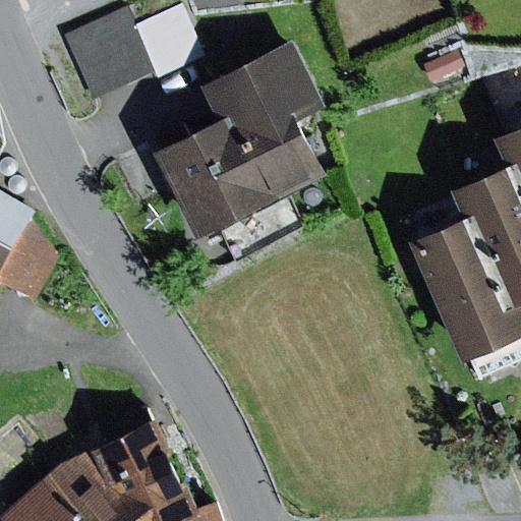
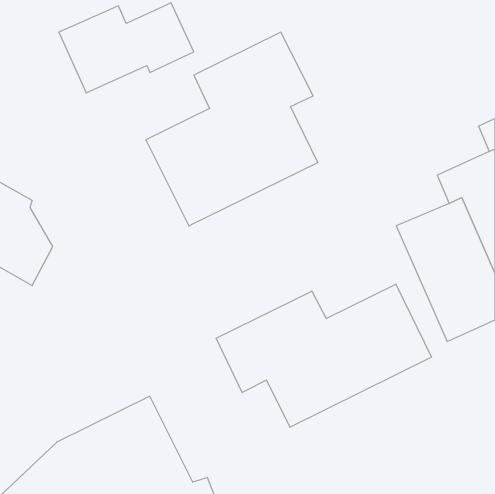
building: none -> [216,284,432,427]

